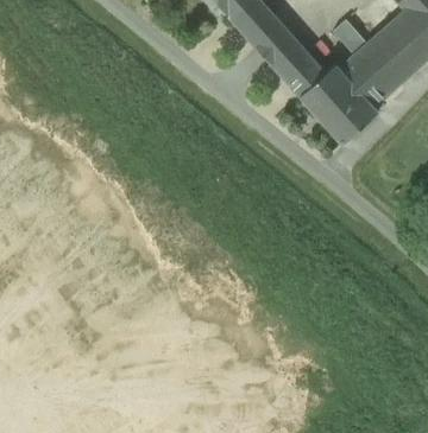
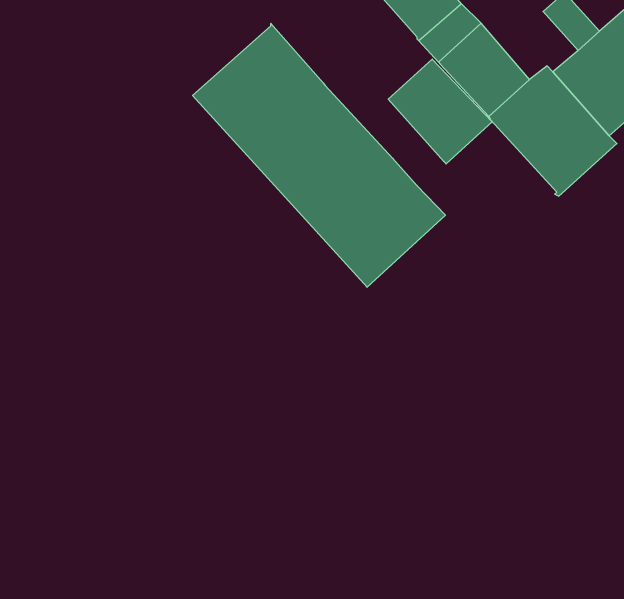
building: none -> [193,23,445,287]
building: none -> [388,59,492,164]

